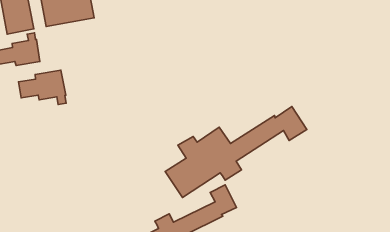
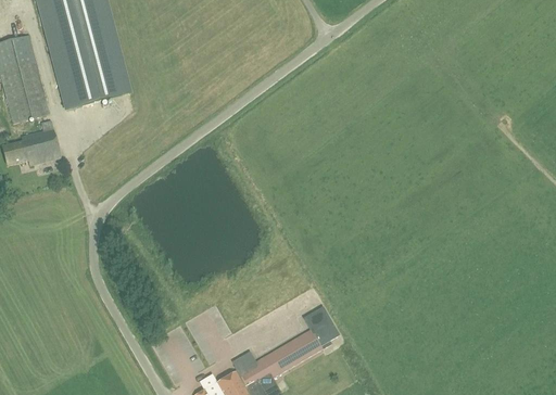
building: [18,70,66,105] -> none
building: [165,107,307,197] -> none

